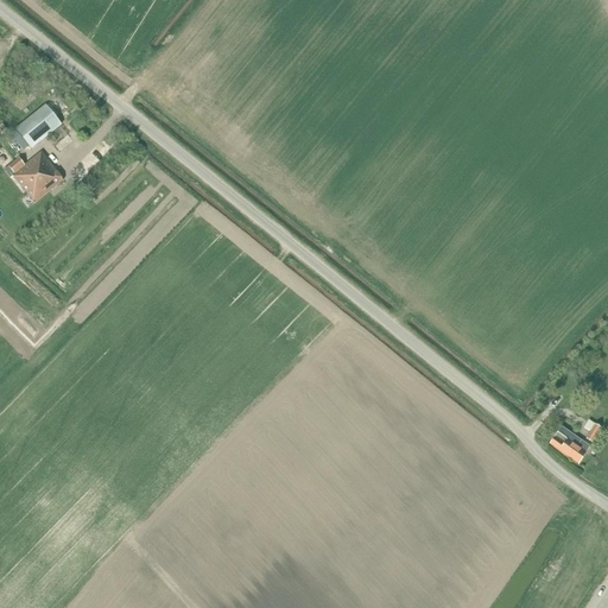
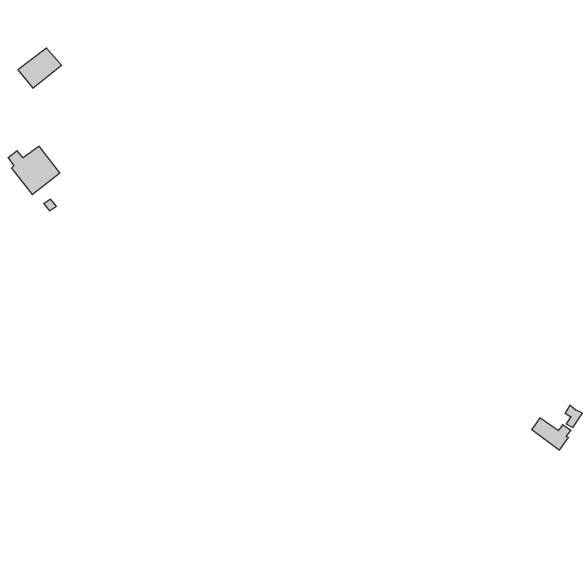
building: [15,104,61,146] -> [18,48,62,88]

